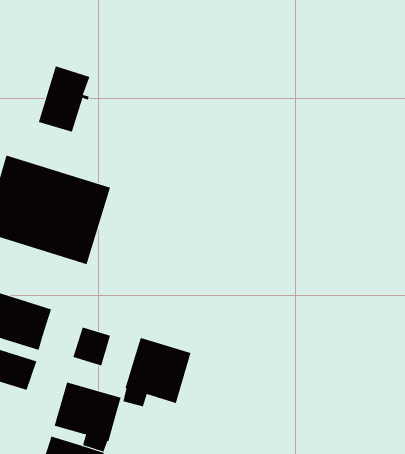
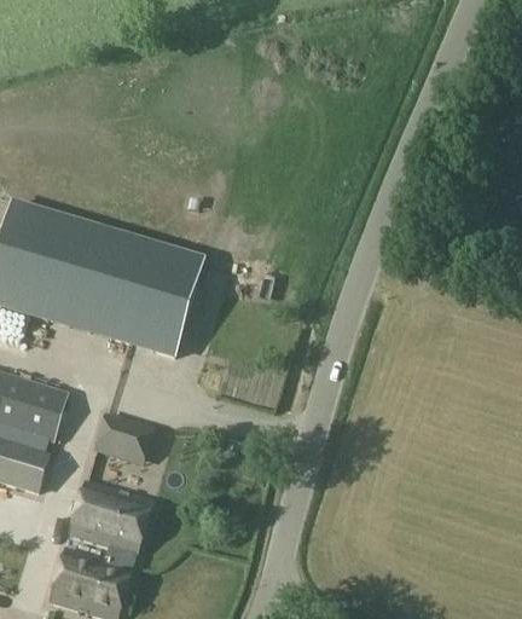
building: [38,65,90,132] -> none
building: none -> [110,242,202,357]
building: [123,337,191,407] -> none

